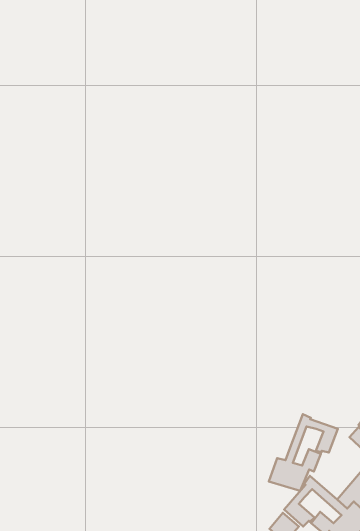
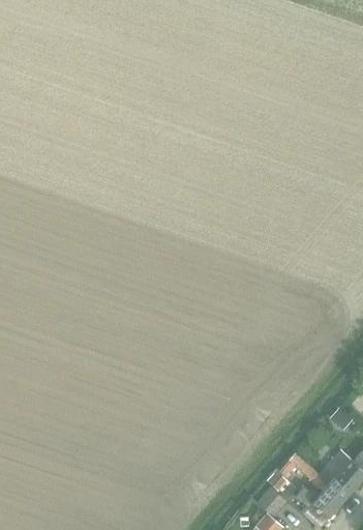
building: [269,414,338,491] -> none

